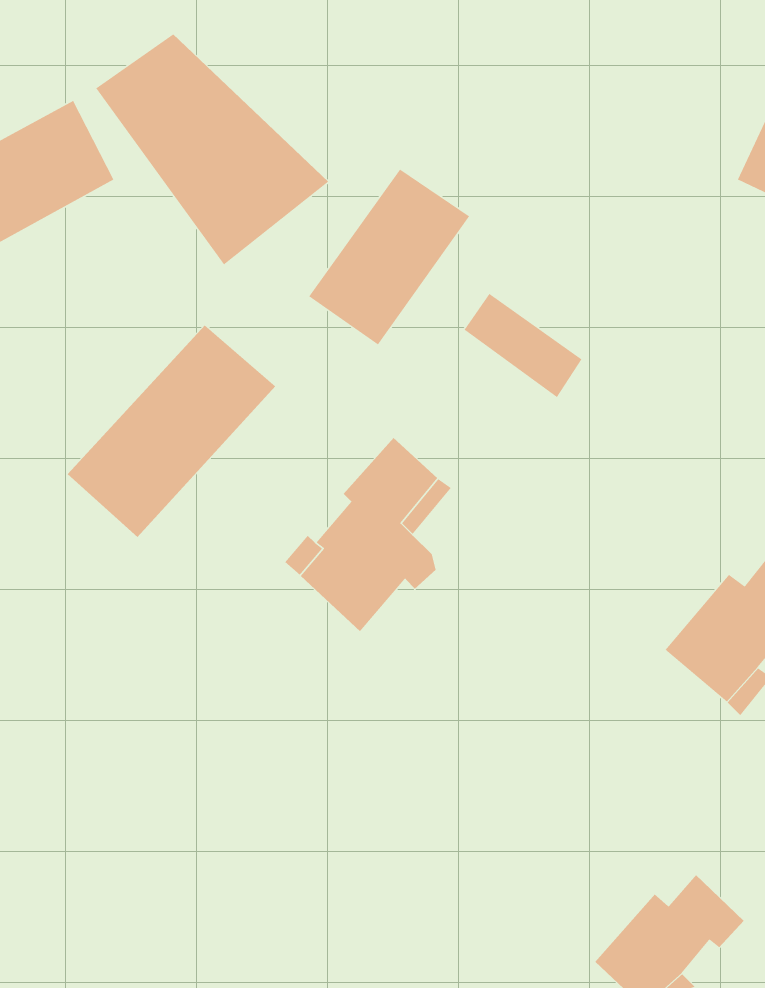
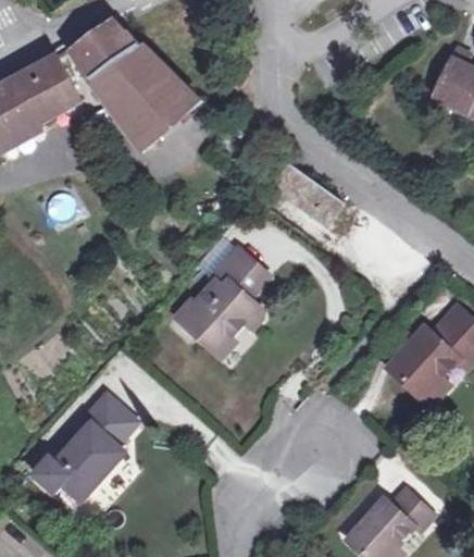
building: [308,169,470,346] -> none
building: [67,324,276,538] -> none
building: none -> [33,393,137,502]

